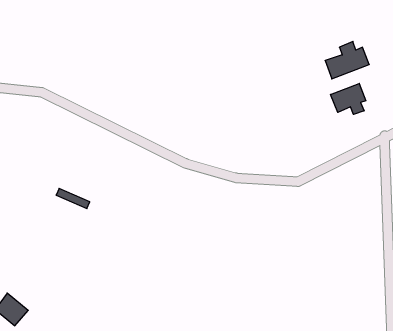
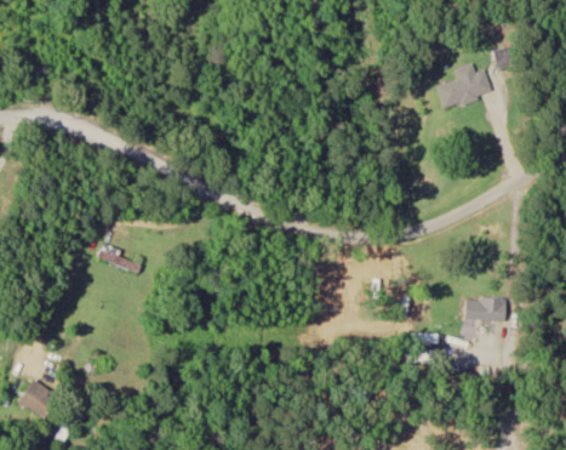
building: [331,83,366,114] -> none
building: none -> [464,298,504,320]

